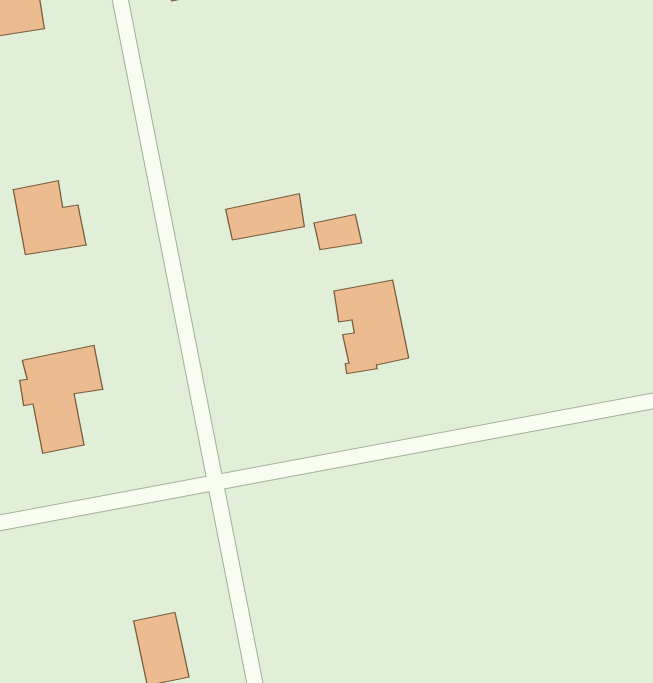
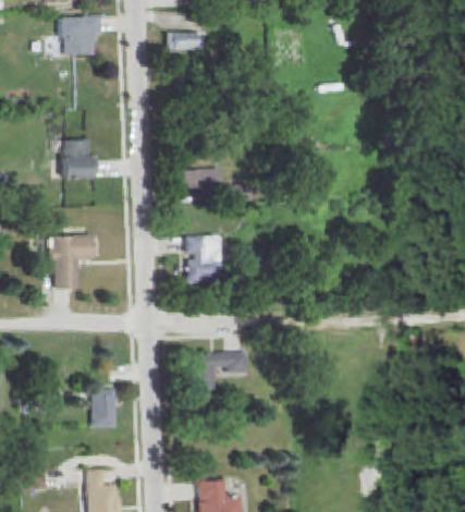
building: [334,280,409,373] -> [186,234,222,282]
building: none -> [192,352,247,390]

